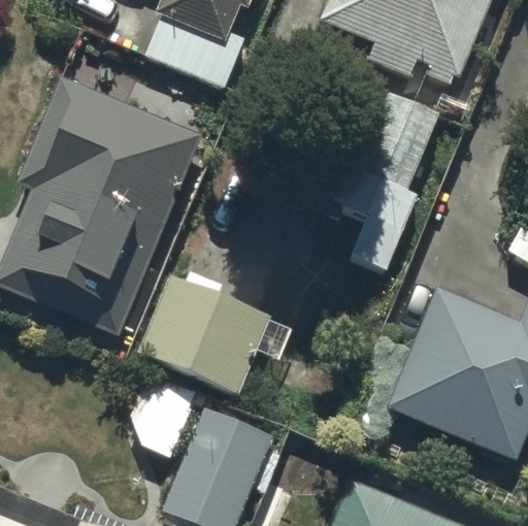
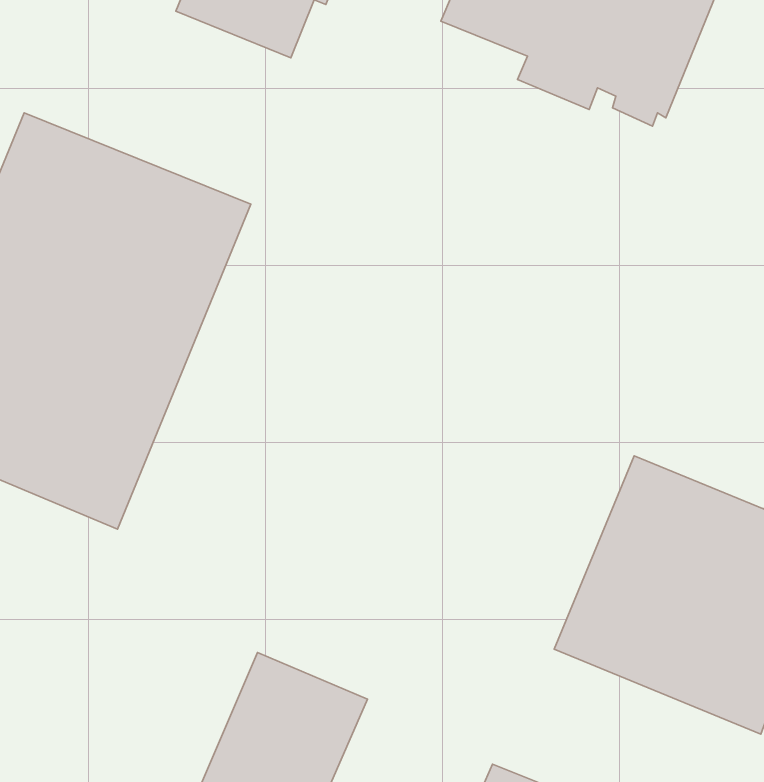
building: [342,95,438,273] -> none
building: [137,275,270,394] -> none

